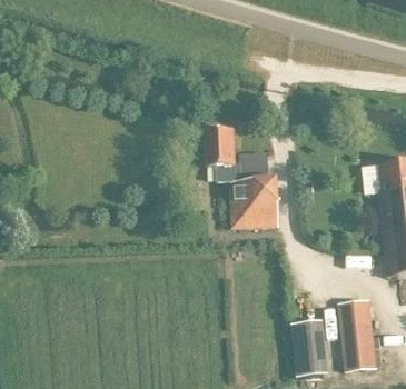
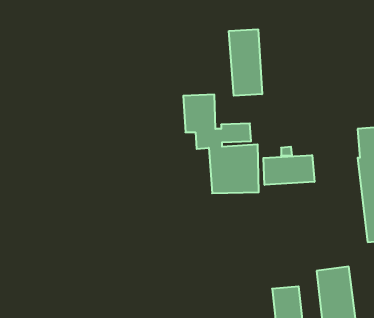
building: none -> [229,29,262,96]
building: none -> [263,155,314,185]

